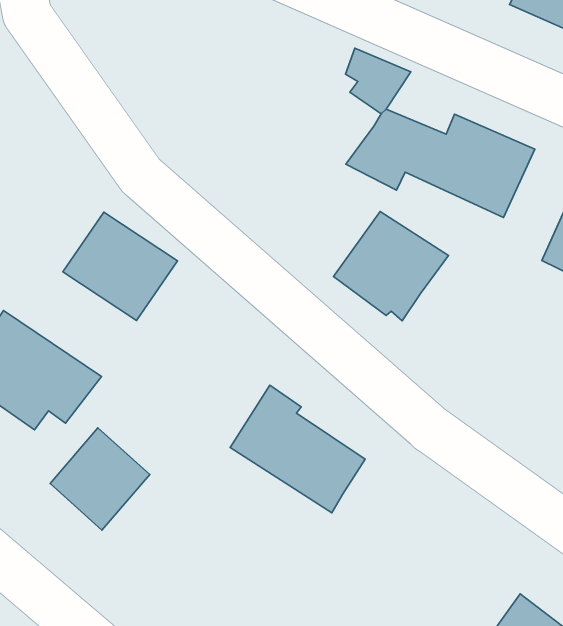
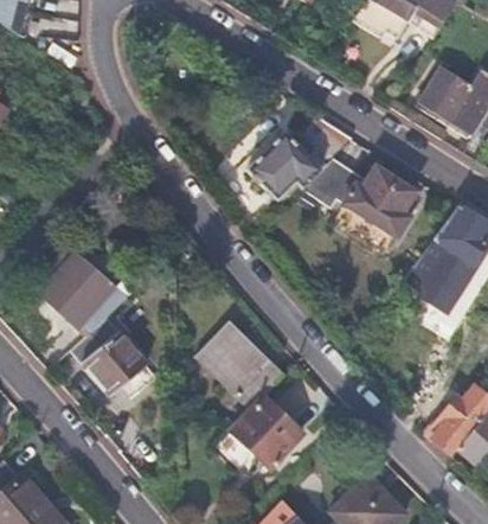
building: [334,211,449,321] -> [246,132,321,203]
building: [63,212,177,320] -> none
building: none -> [235,396,304,468]

